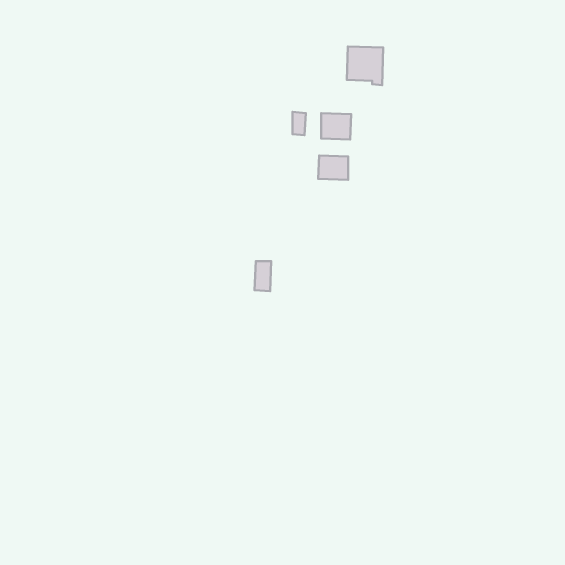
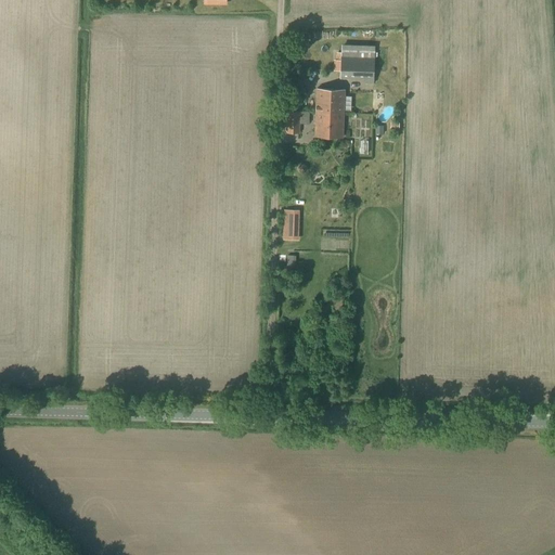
building: [318,155,348,180] -> [315,88,345,112]
building: [255,261,271,291] -> [284,209,300,238]

